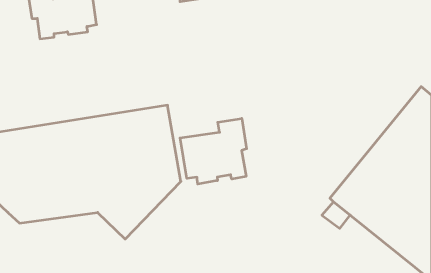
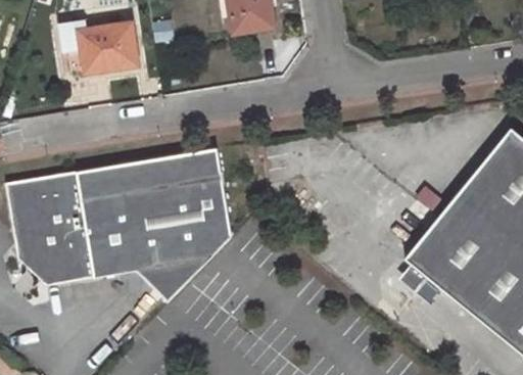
building: [180,118,247,184] -> none

